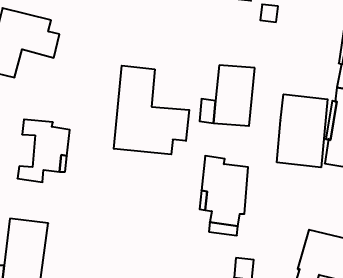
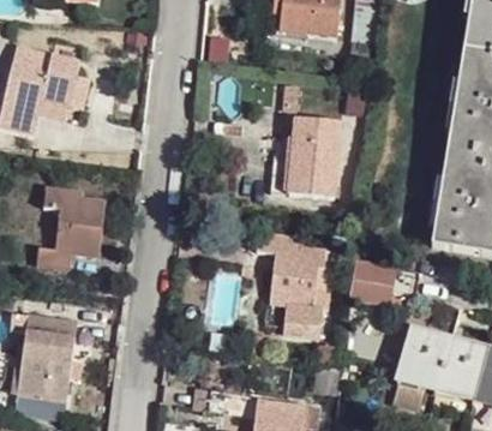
building: [114,66,189,154] -> none
building: [277,94,328,167] -> none
building: none -> [350,269,396,312]

